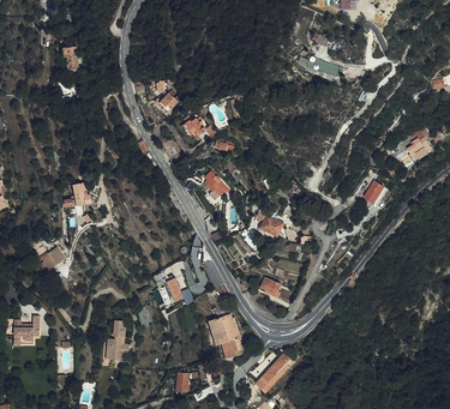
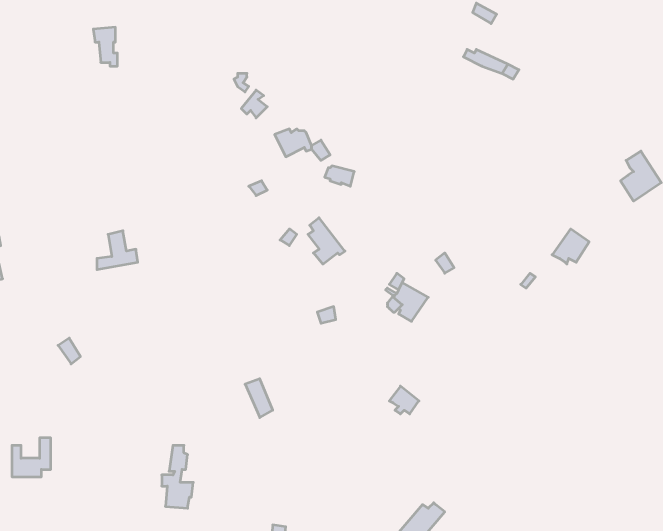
building: [209,313,240,361] -> none

